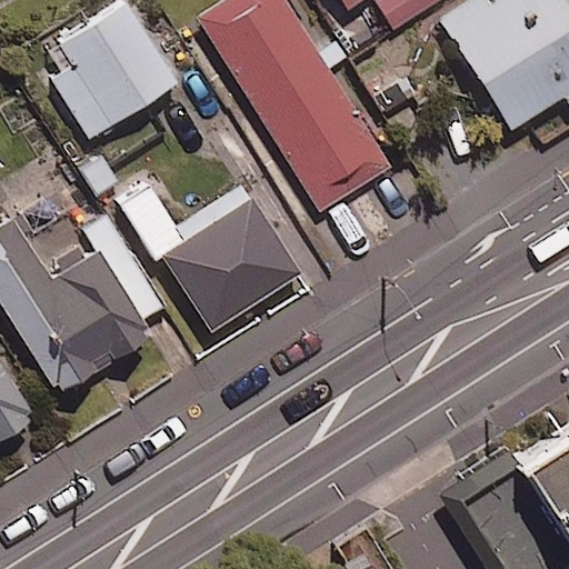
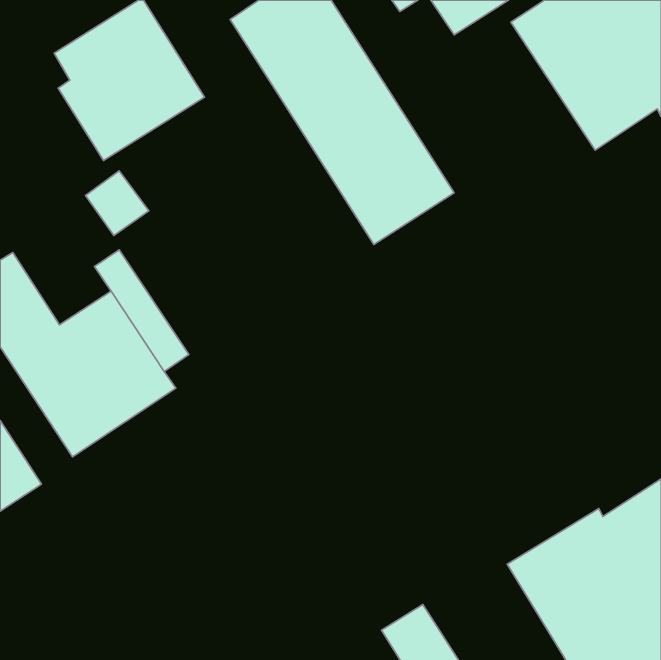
building: [116,183,300,338] -> none

